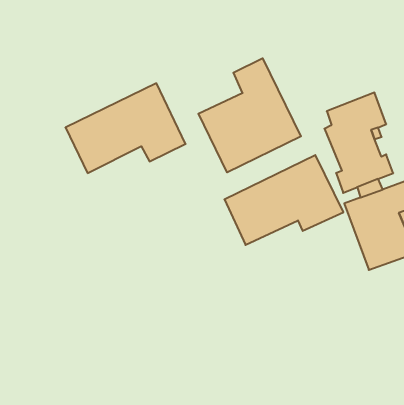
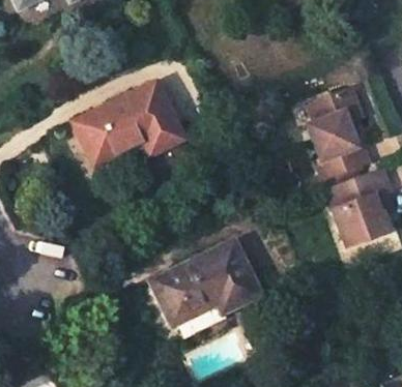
building: [198,58,301,172] -> none
building: [224,155,343,245] -> [153,242,259,322]

